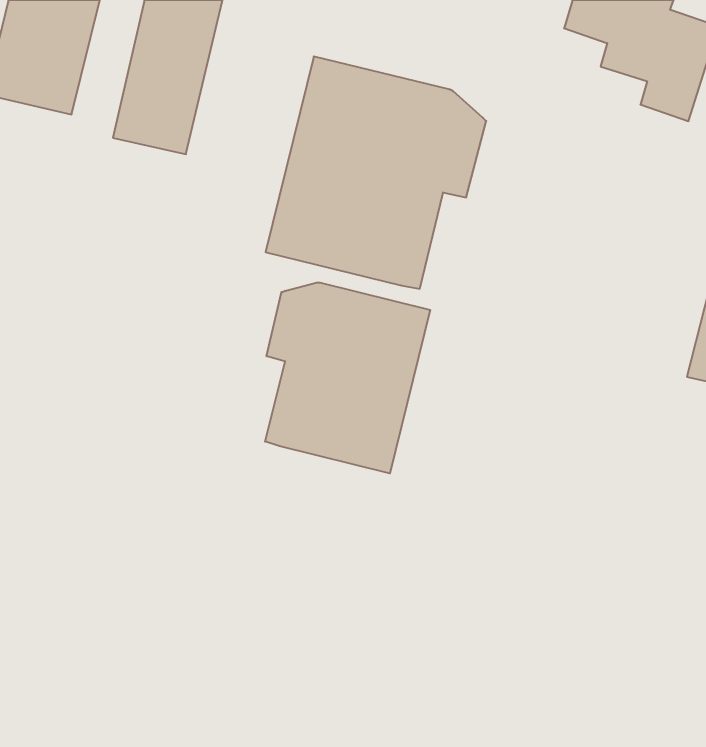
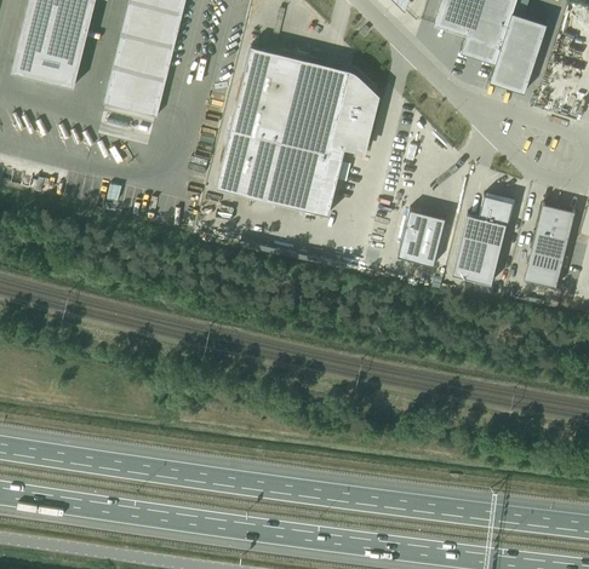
building: none -> [452,192,513,281]
building: [265,283,430,473] -> none
building: none -> [398,209,446,265]

